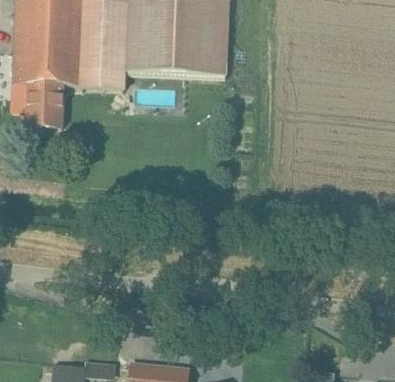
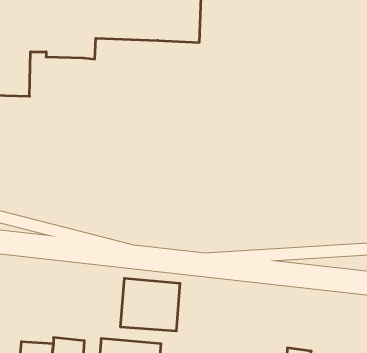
building: none -> [121,278,180,331]

